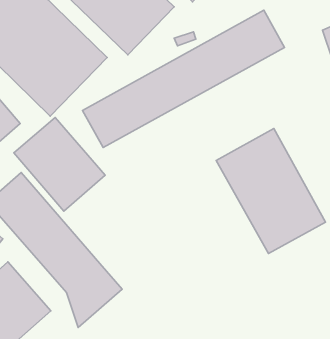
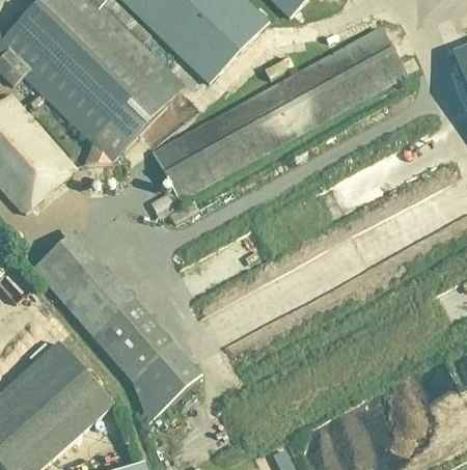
building: [14,118,105,211] -> none
building: [216,128,326,254] -> none

